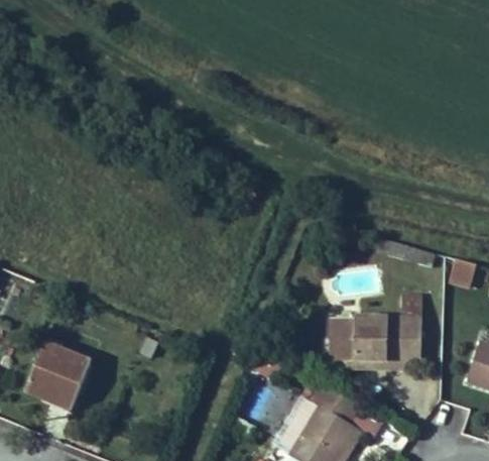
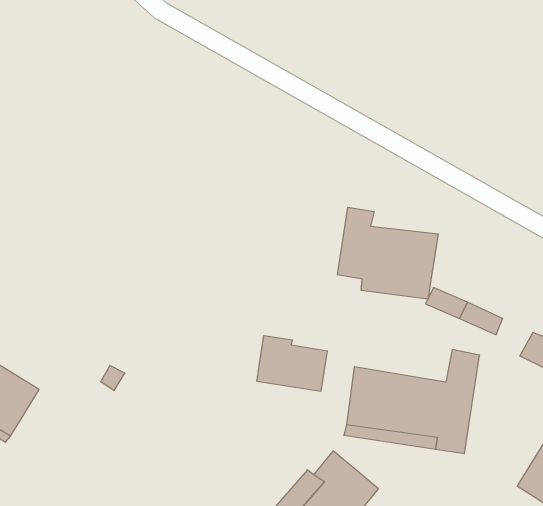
building: none -> [338,207,438,299]
building: none -> [257,336,327,391]

